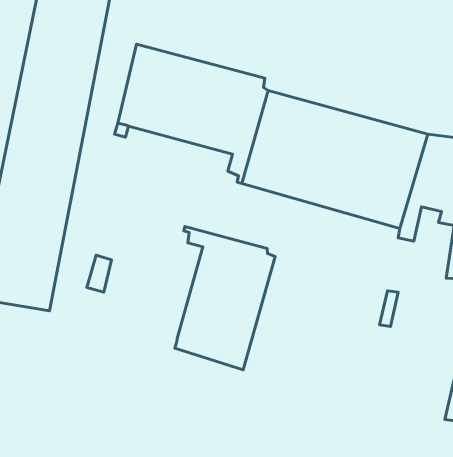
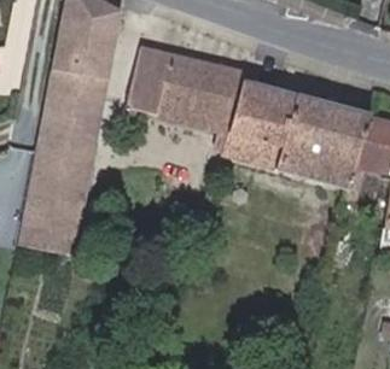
building: [175,227,275,370] -> none

